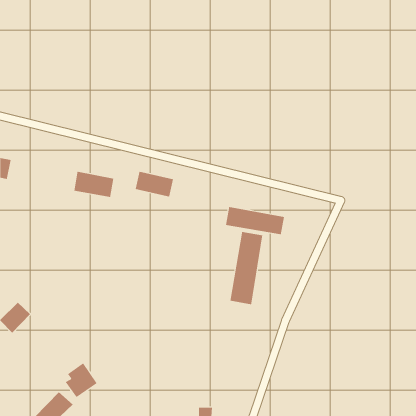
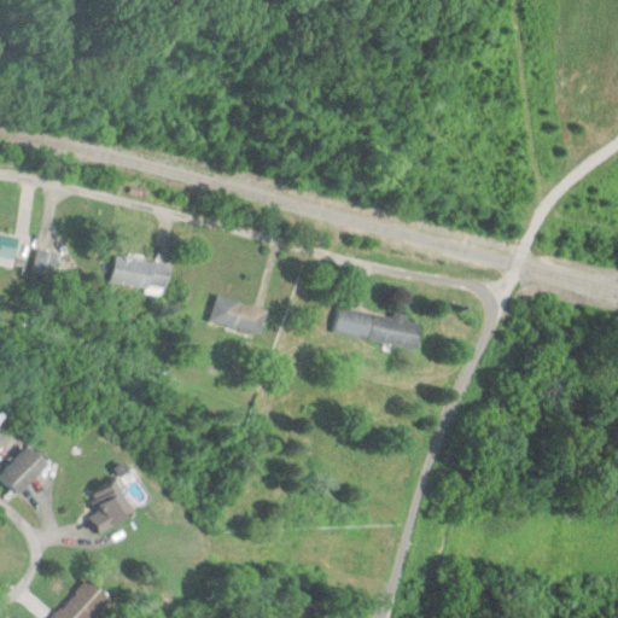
building: [135,171,174,197] -> [209,296,267,334]
building: [230,231,263,305] -> none
building: [65,363,97,398] -> [84,483,133,535]

